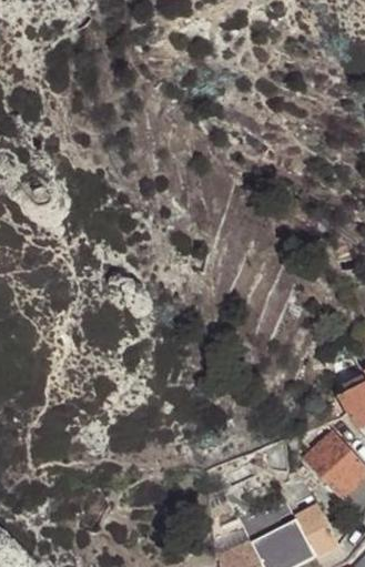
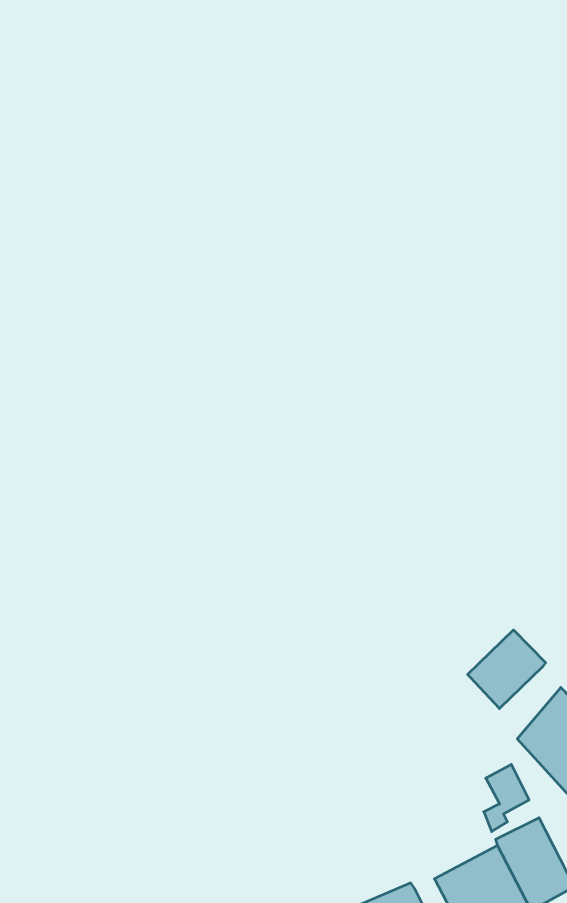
building: none -> [468,630,546,709]

